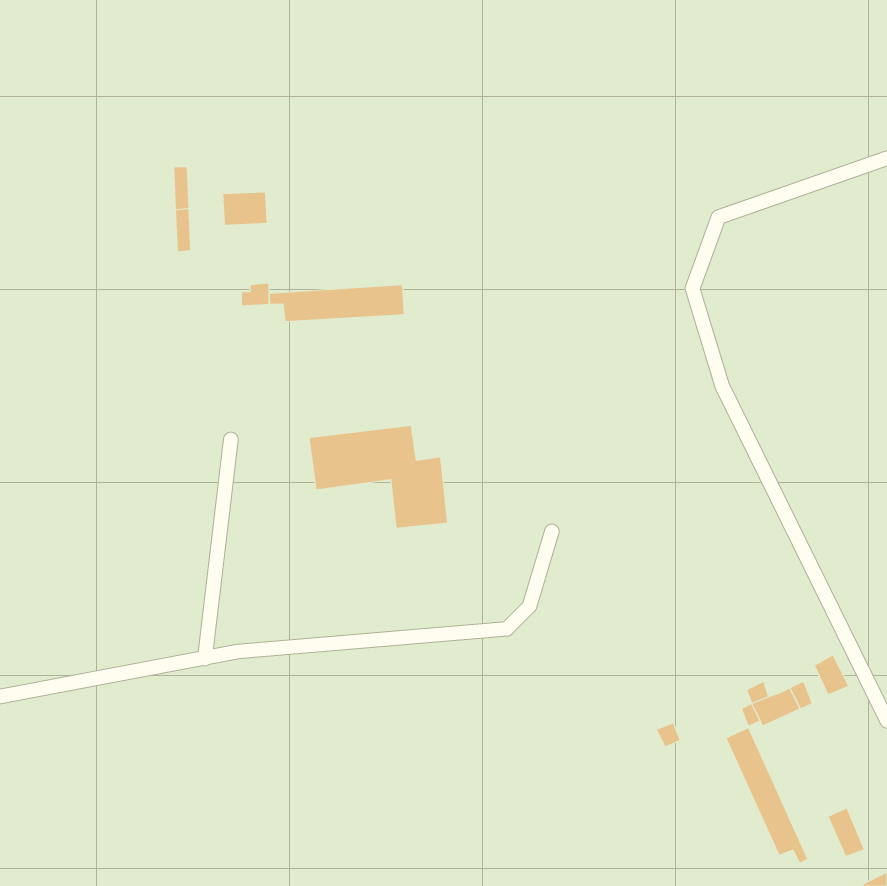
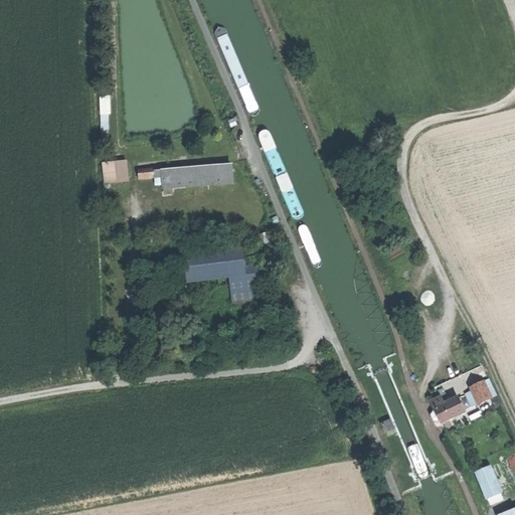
building: [223,192,268,225] -> [103,162,129,181]
building: [726,727,808,863] -> none

